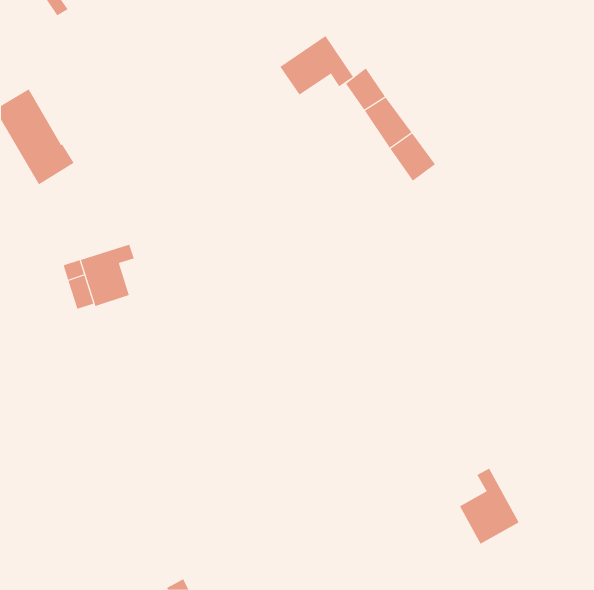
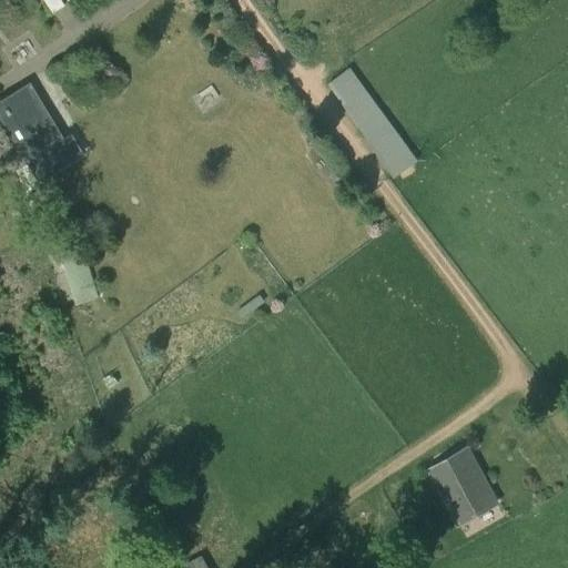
building: [279,35,354,95] -> none
building: [80,244,135,307] -> none

